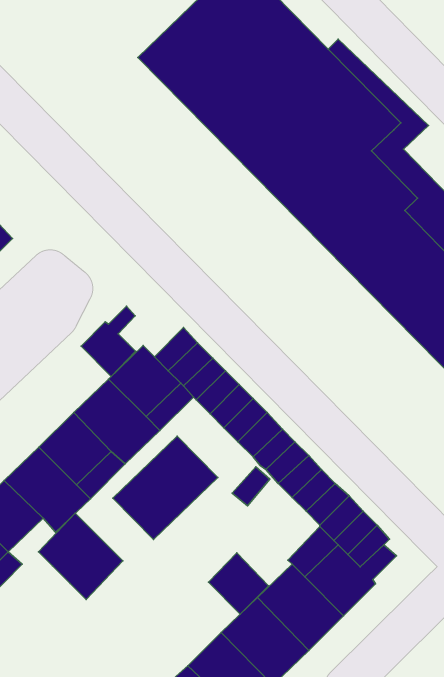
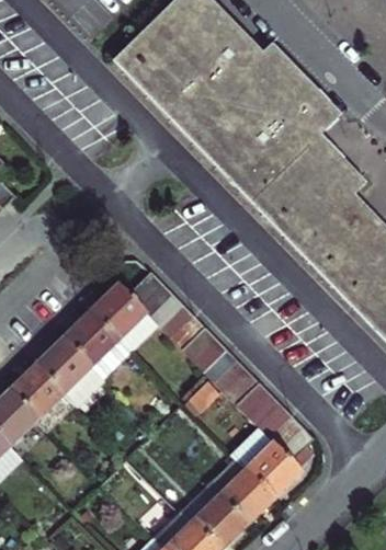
building: [81,306,135,376] -> none
building: [113,436,218,540] -> none
building: [39,513,123,599] -> none
building: [208,553,268,614] -> none

